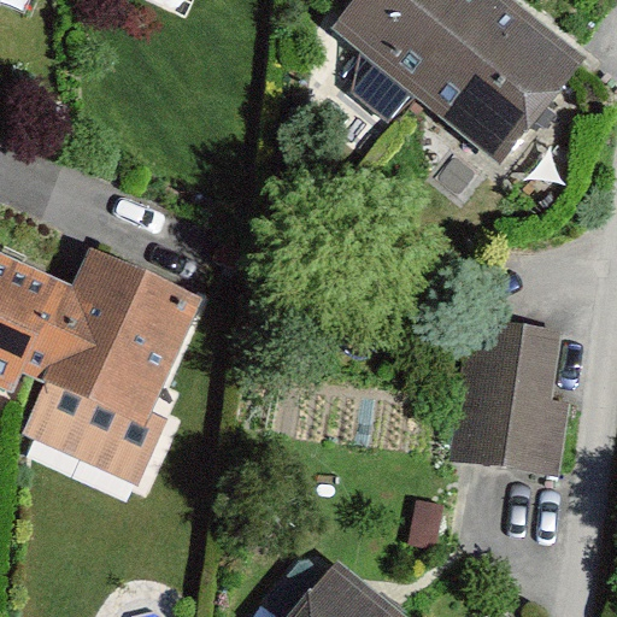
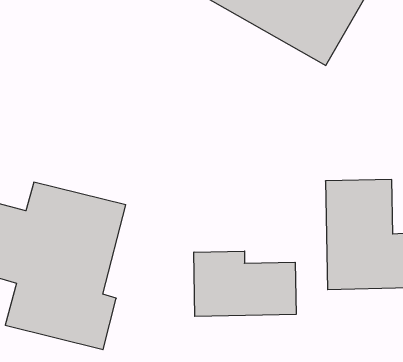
building: none -> [194,251,296,316]

